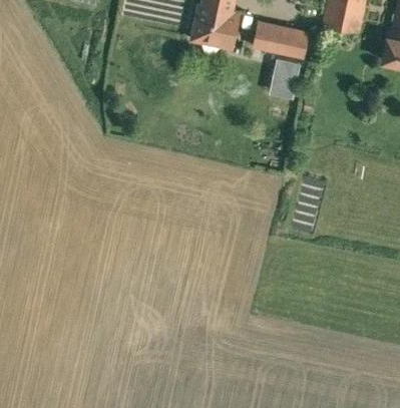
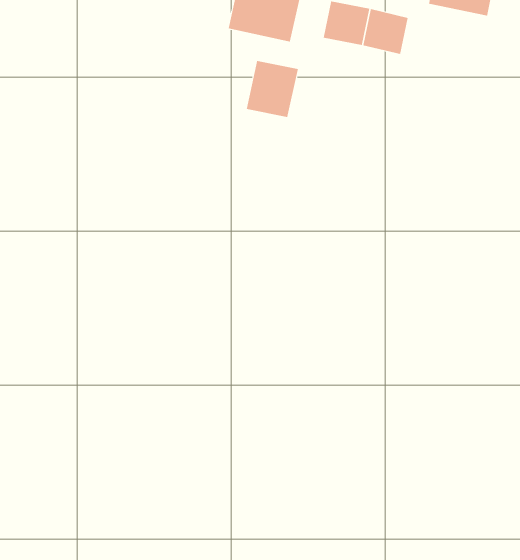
building: [272,60,300,85] -> none
building: none -> [246,60,298,118]

